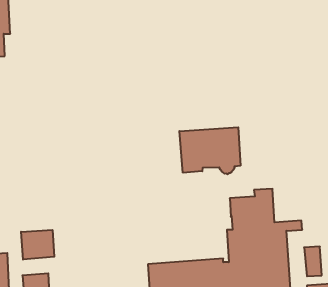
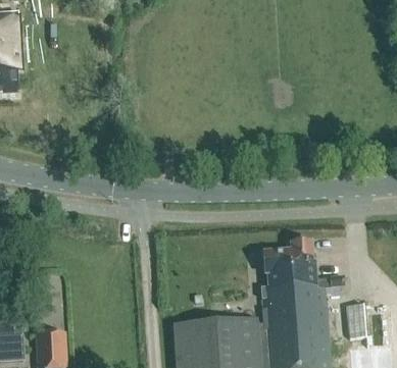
building: [179,127,240,174] -> none
building: [21,230,54,260] -> none

